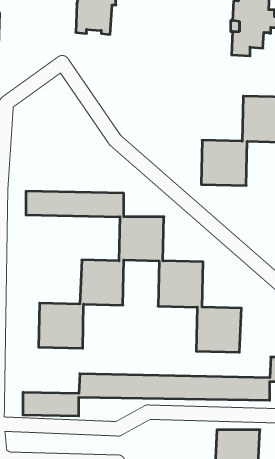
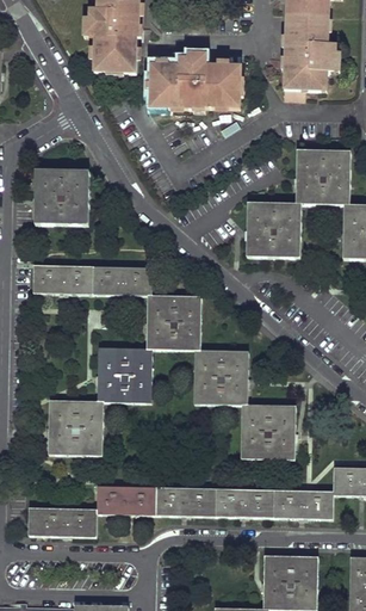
building: none -> [149,51,242,109]
building: none -> [33,169,87,226]

